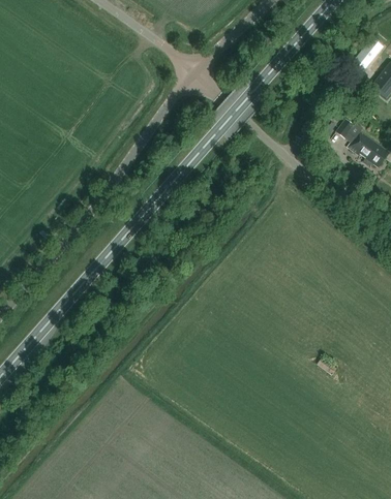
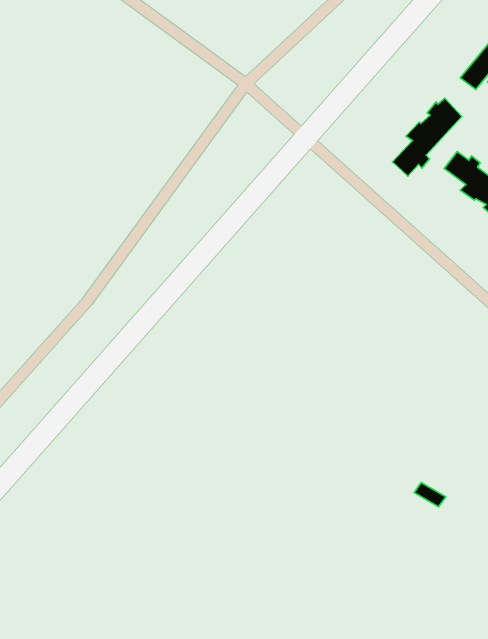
building: none -> [393,98,462,176]

